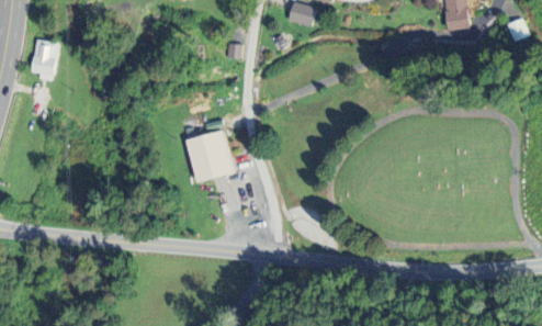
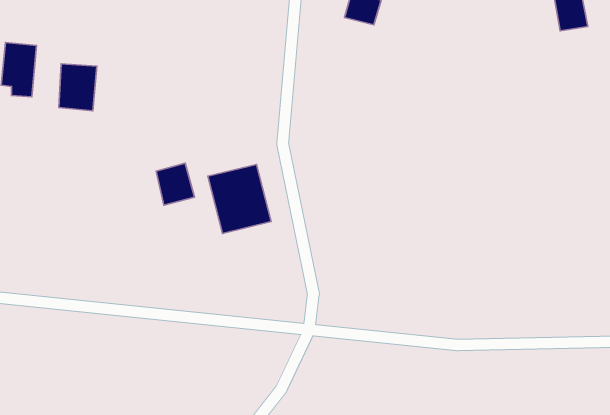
building: none -> [59,64,97,111]
building: none -> [156,163,195,205]

